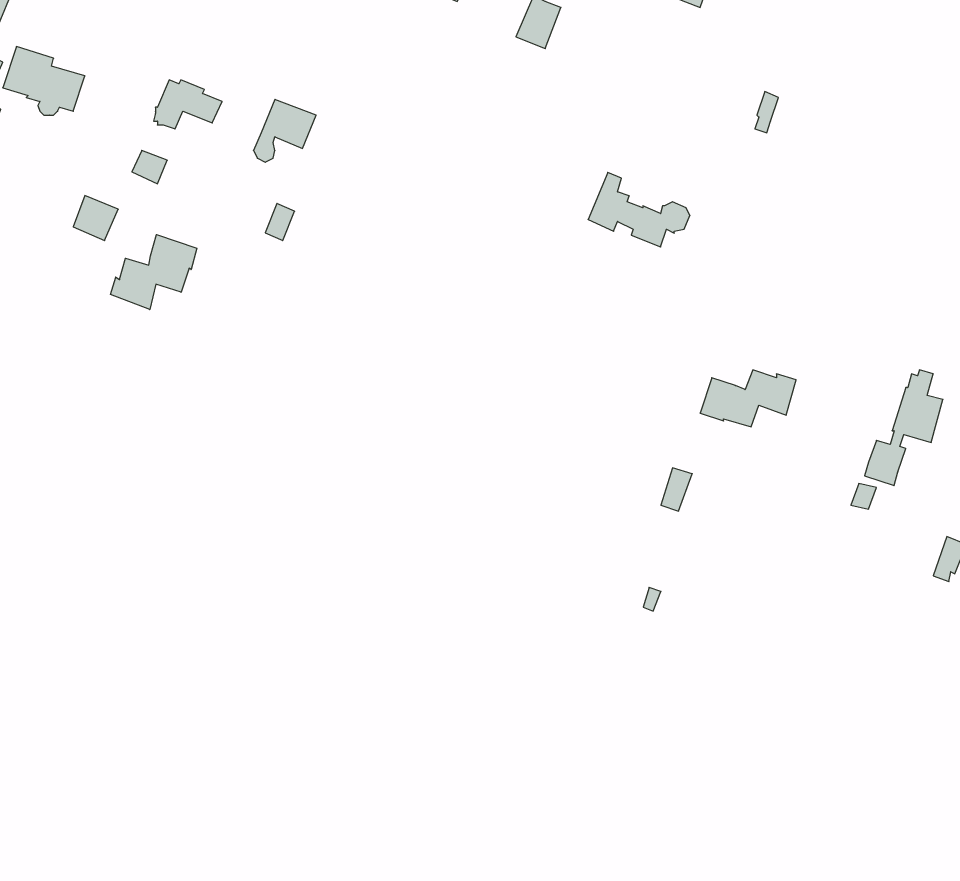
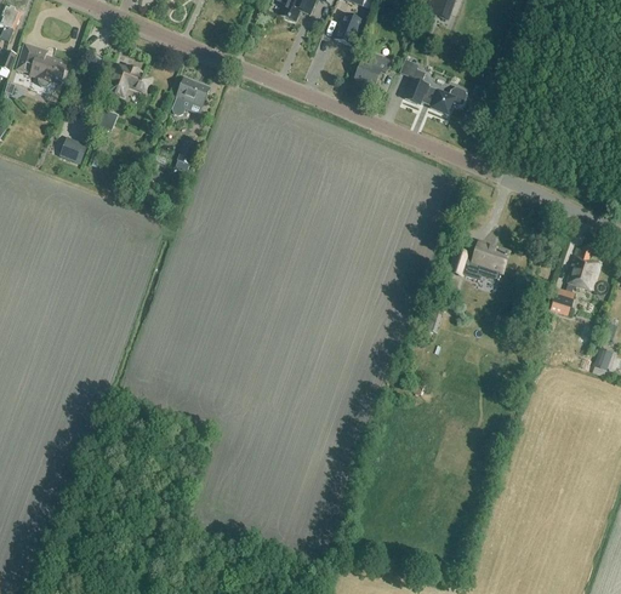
building: none -> [354,52,391,86]
building: [588,172,690,247] -> [404,68,467,114]
building: [110,235,197,310] -> none

